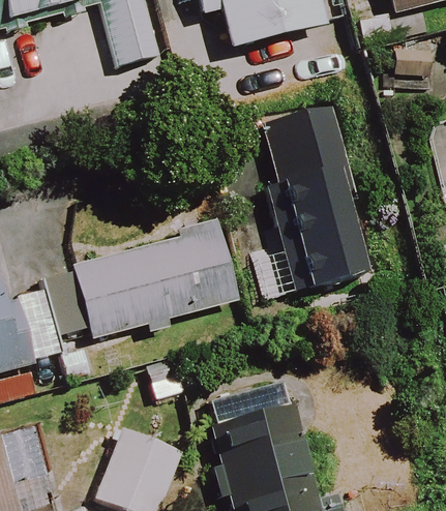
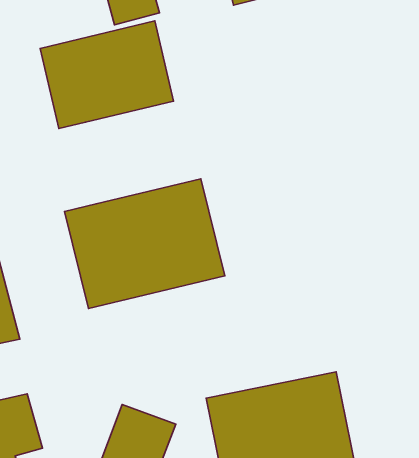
building: none -> [40,21,173,129]
building: [267,108,364,288] -> none

